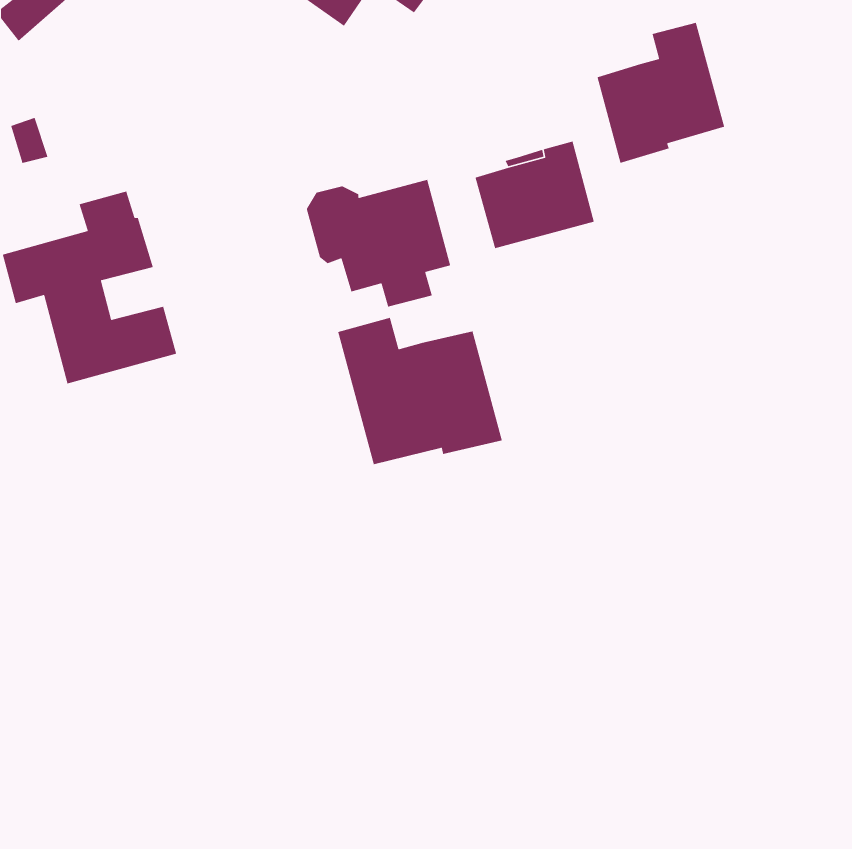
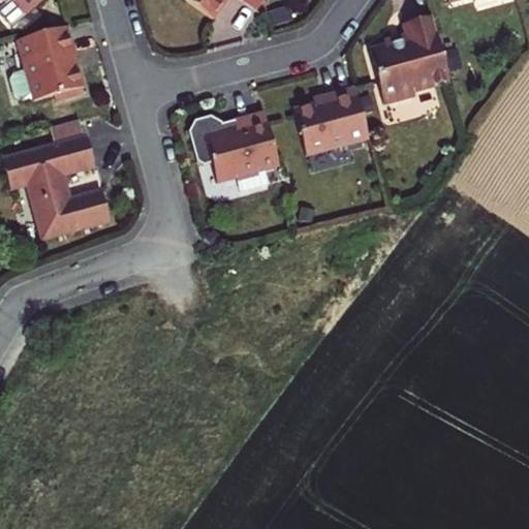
building: none -> [18,25,82,98]
building: [337,317,503,465] -> none

